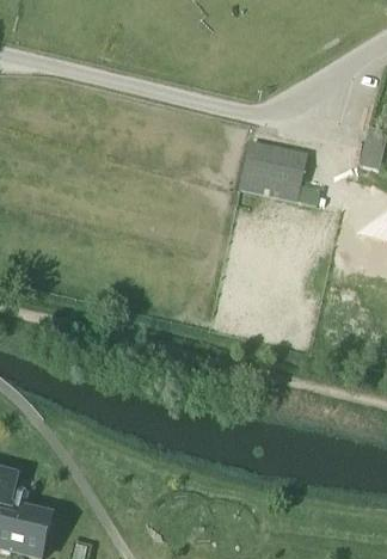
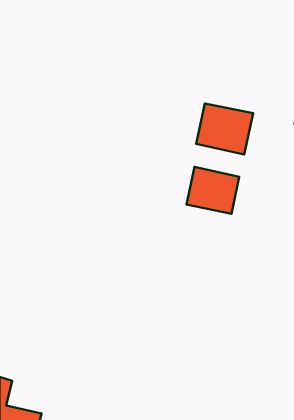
building: none -> [186,167,239,214]

